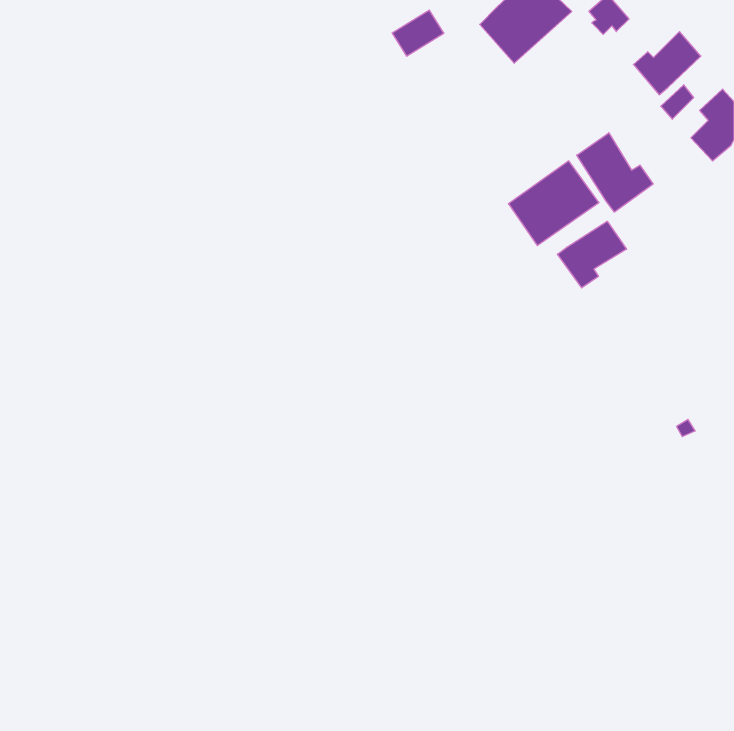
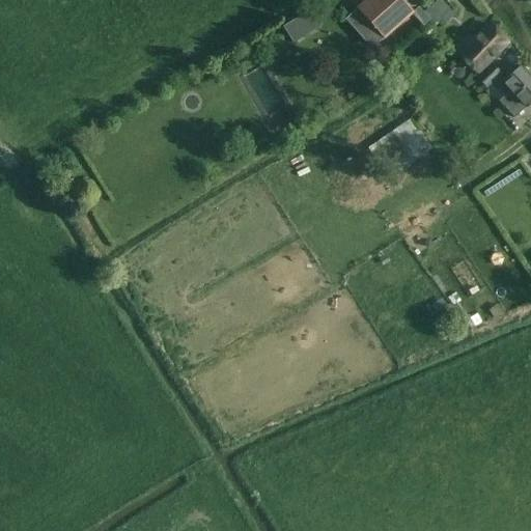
building: [577,133,653,212] -> none
building: [557,221,627,288] -> none

